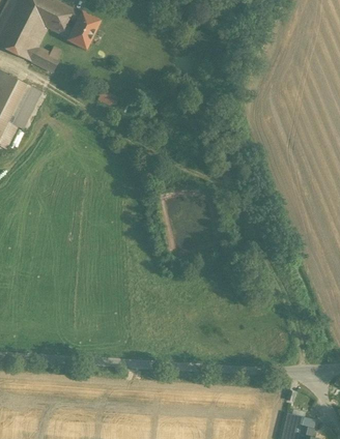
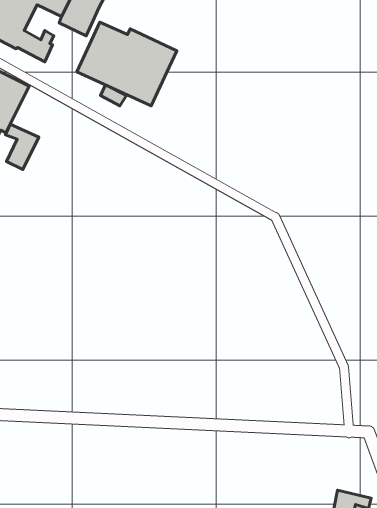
building: none -> [77,22,177,106]
building: none -> [5,124,39,170]

